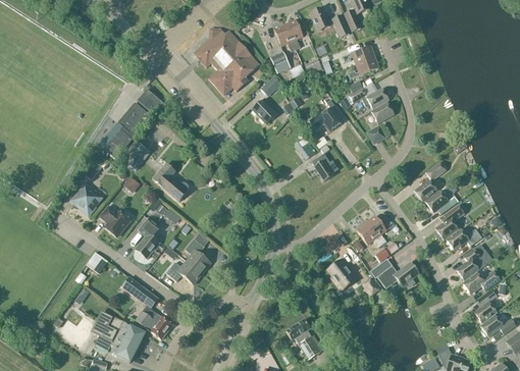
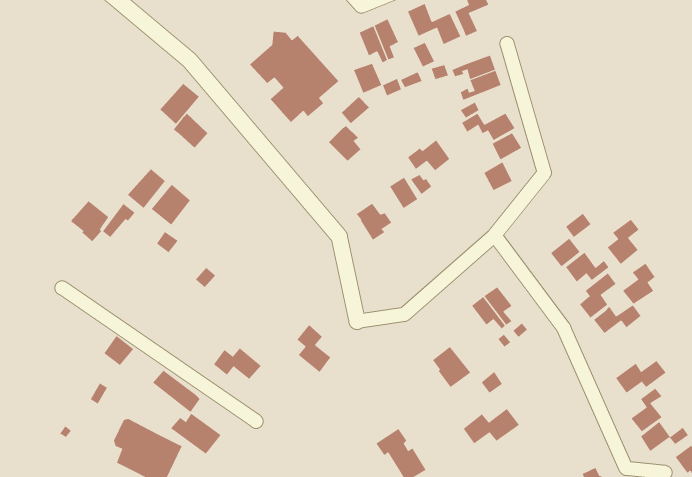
building: [117,102,147,132] -> [160,83,200,125]
building: [311,153,337,180] -> [356,203,392,240]
building: [153,163,189,201] -> none
building: none -> [607,219,639,265]
building: [71,184,100,215] -> [70,200,109,242]
building: [99,205,129,236] -> none
building: [135,217,160,258] -> none
building: [185,237,210,273] -> [296,324,331,373]
building: [456,249,480,279] -> [622,263,655,305]
building: [377,261,419,287] -> [463,408,520,444]

